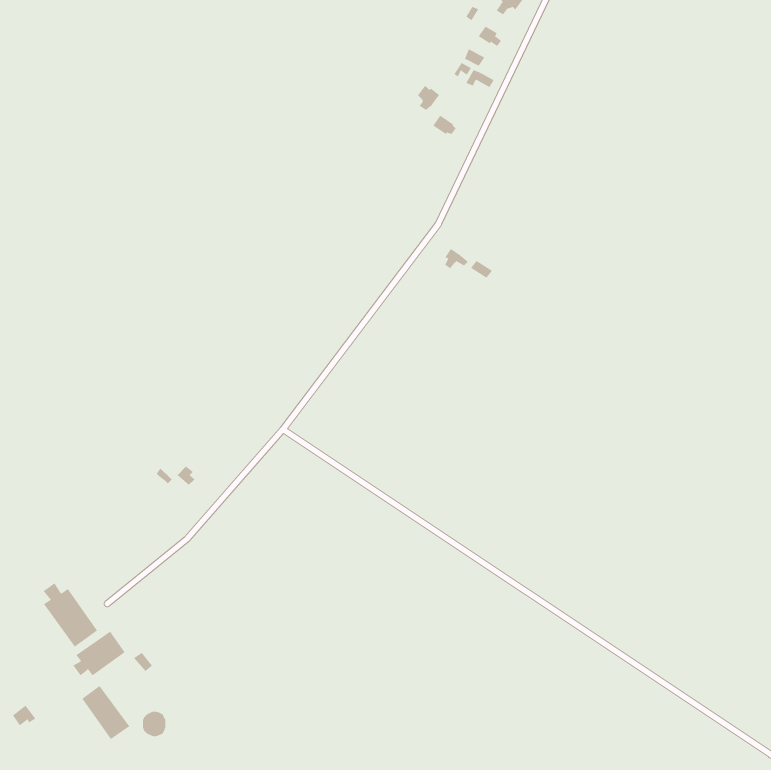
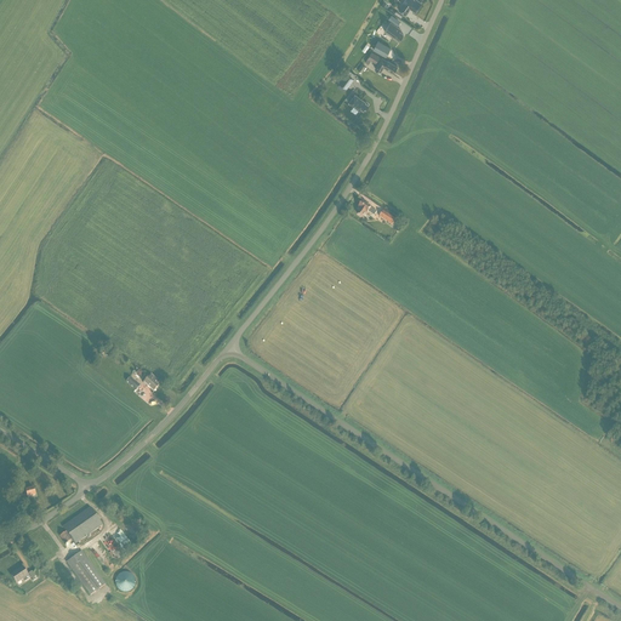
building: [43,582,98,647] -> none

